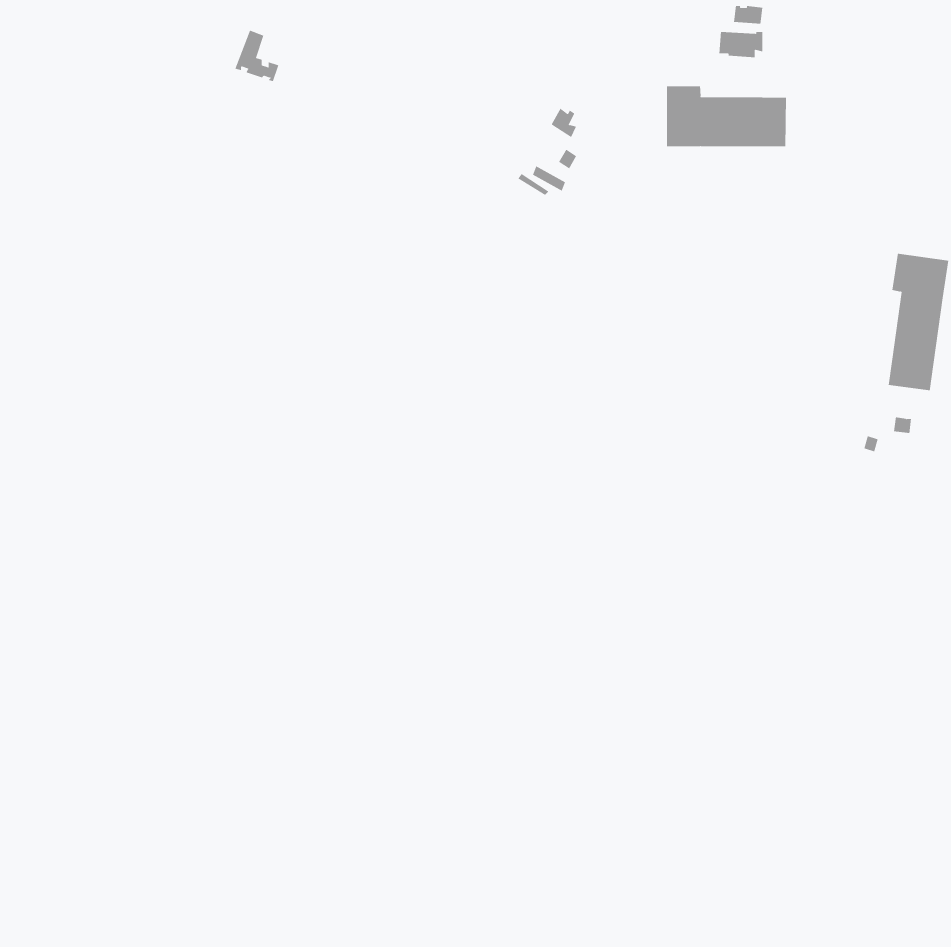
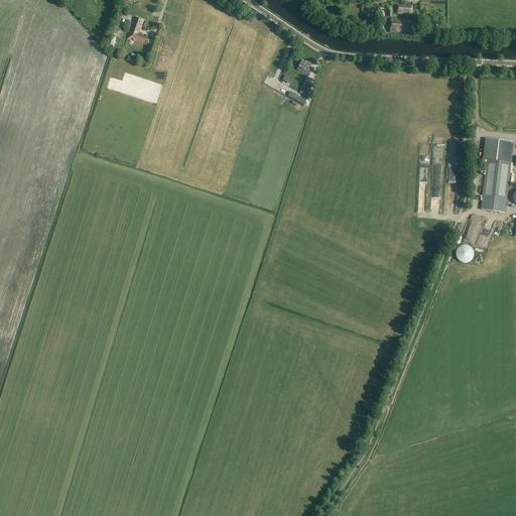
building: [666,86,786,147] -> none

